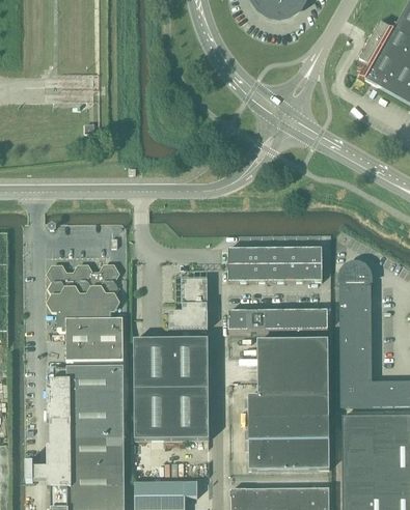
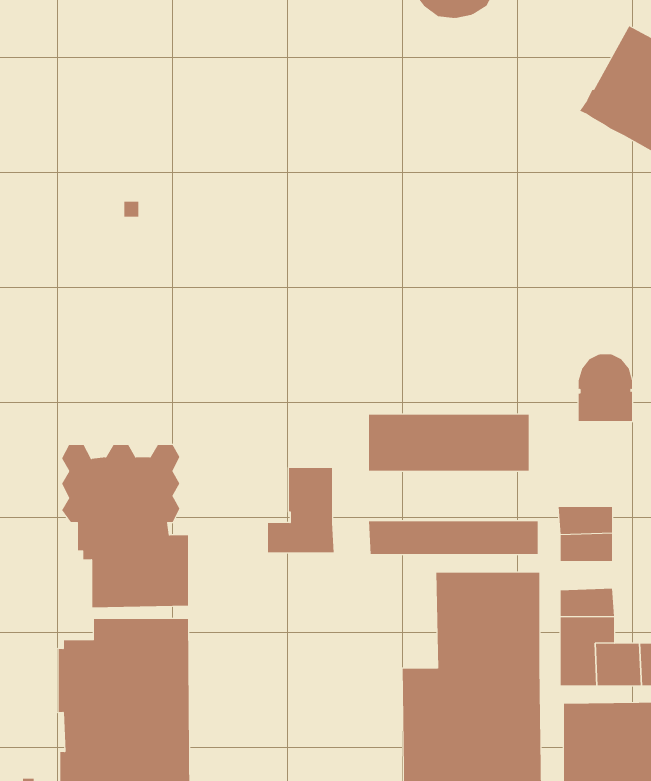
building: [338,262,371,302] -> [578,354,633,421]
building: [339,334,371,350] -> none
building: [133,339,209,440] -> none

